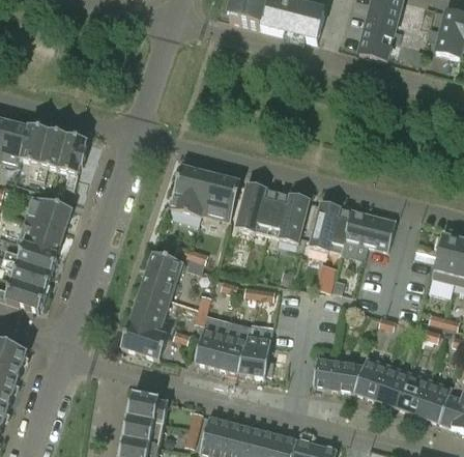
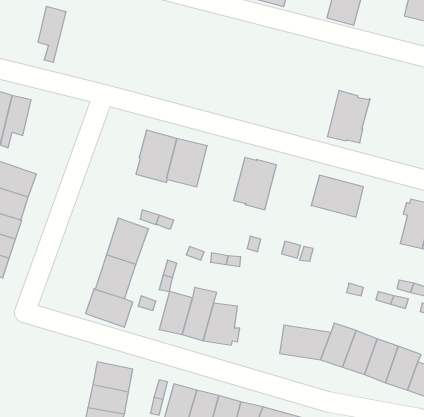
building: [58,134,86,189] -> [38,6,66,62]
building: [235,181,278,233] -> none
building: [309,200,351,252] -> [327,90,370,143]

